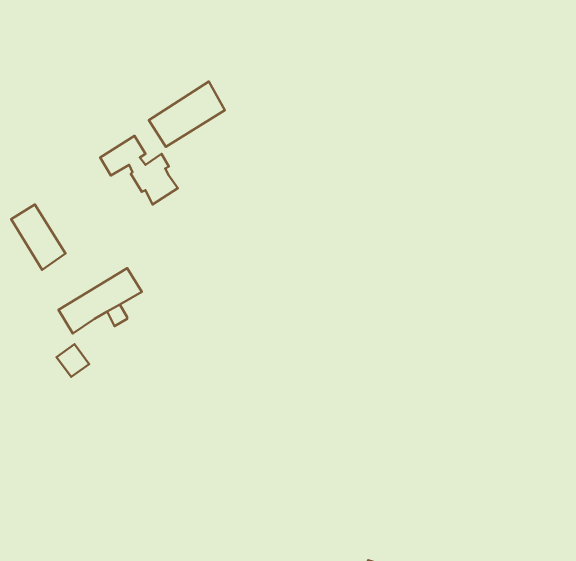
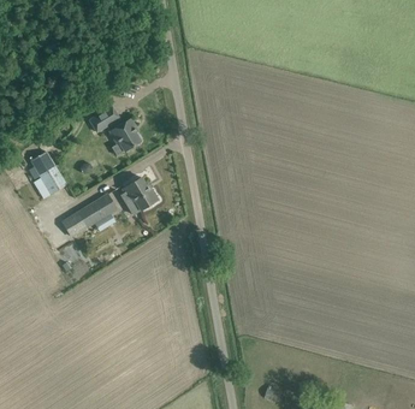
building: [149,82,225,147] -> none
building: none -> [119,177,158,215]

